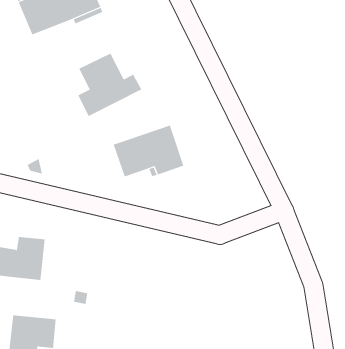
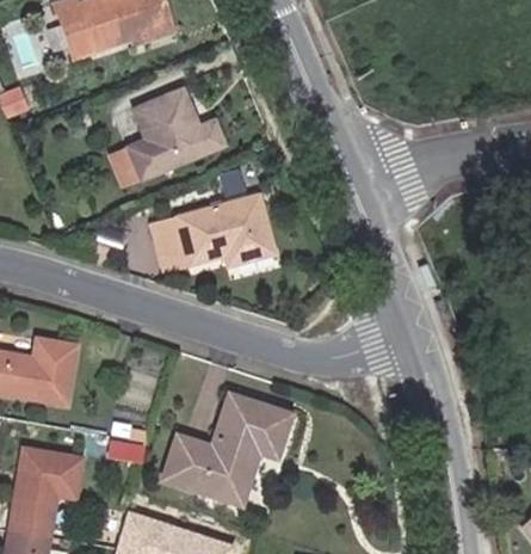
building: none -> [153,218,190,272]
building: none -> [163,394,289,503]

